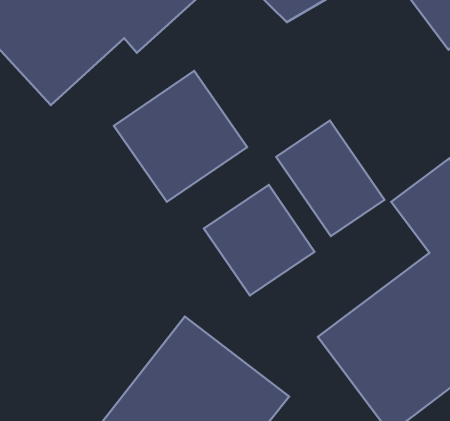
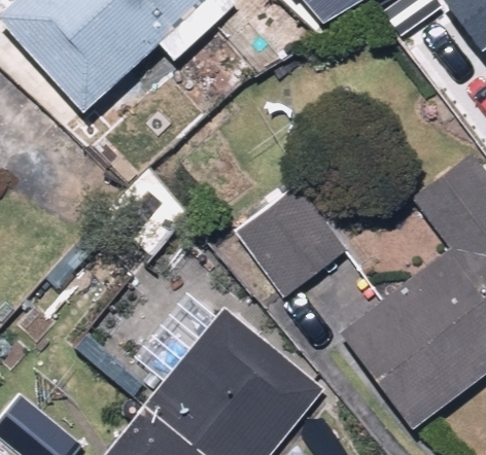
building: [114,71,247,202] -> none
building: [276,121,384,236] -> none

